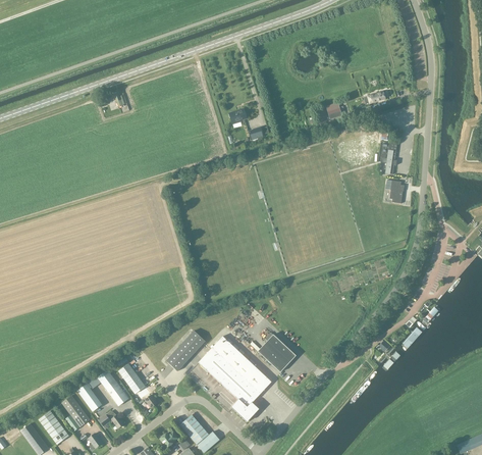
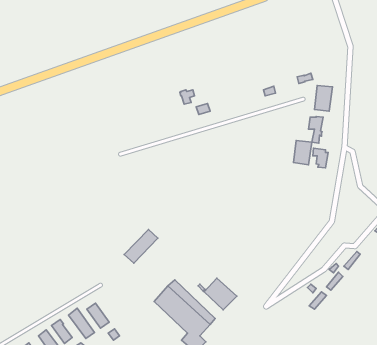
building: none -> [314,85,333,111]
building: none -> [293,140,312,165]
building: [166,331,206,370] -> [124,230,158,263]

